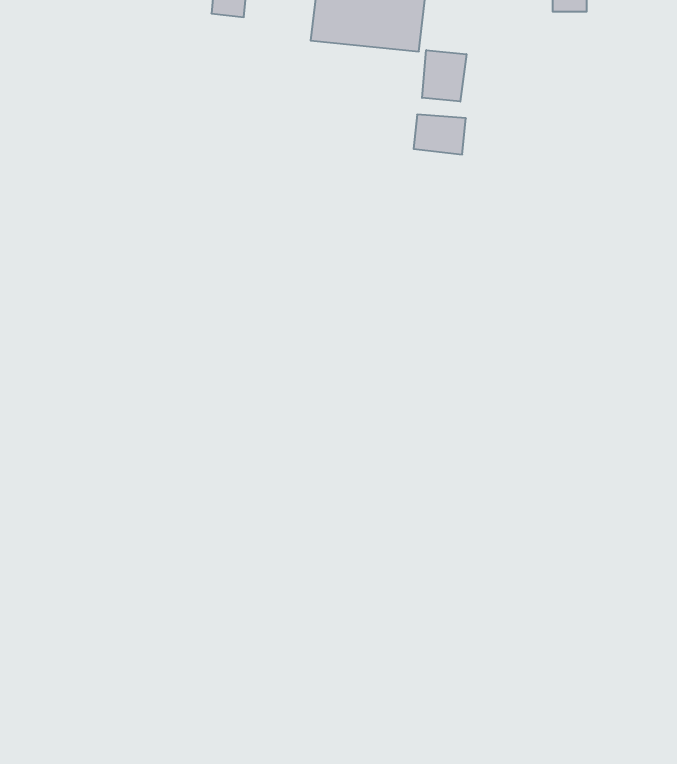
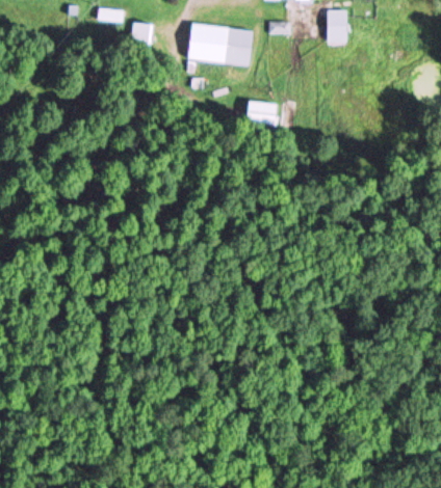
building: [422,50,466,102] -> none

